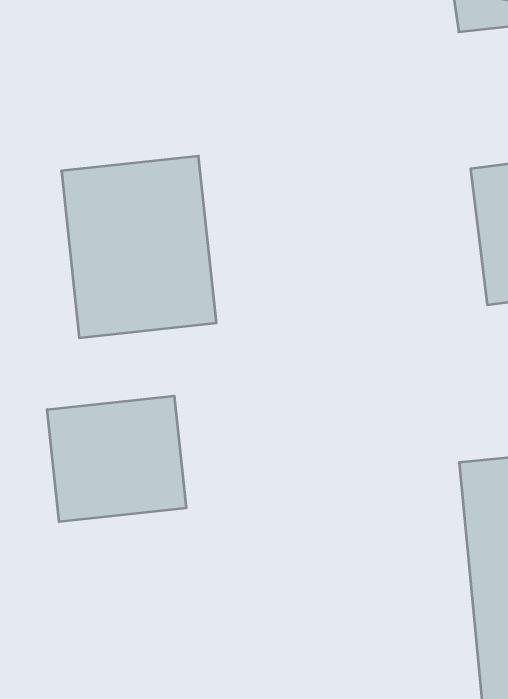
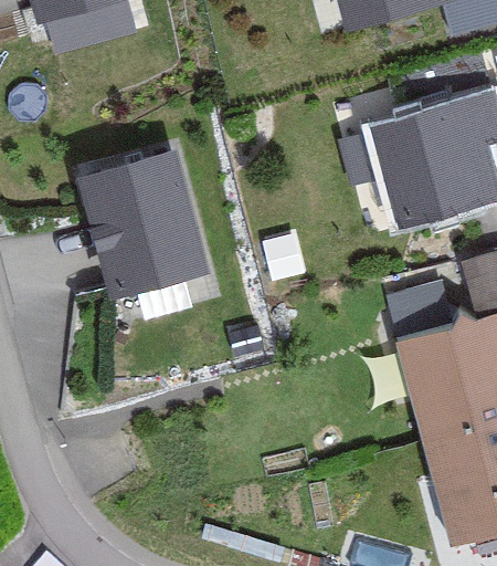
building: [47,396,186,522] -> none

